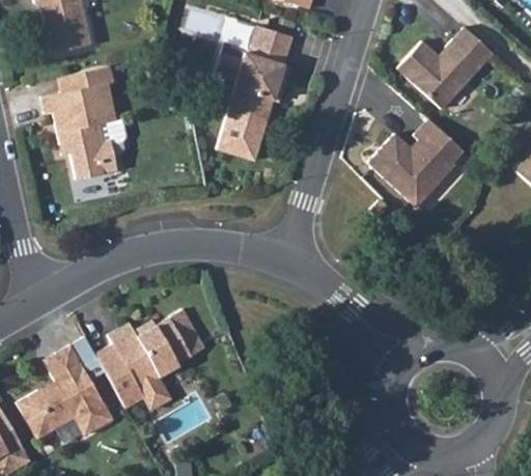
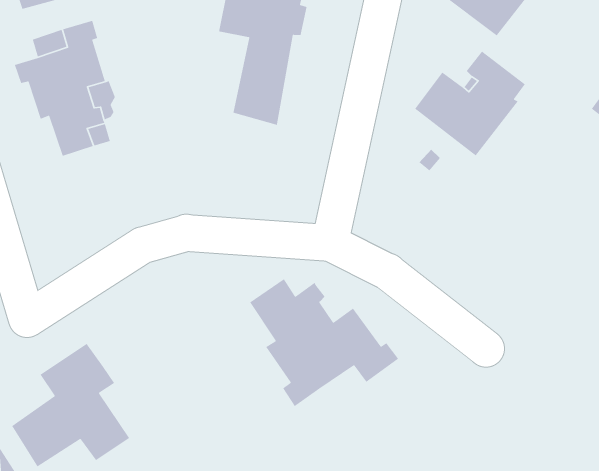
building: none -> [249,278,399,407]
building: [94,309,202,410] -> none

